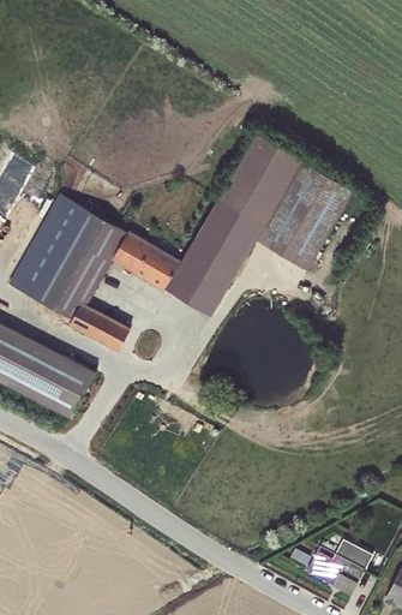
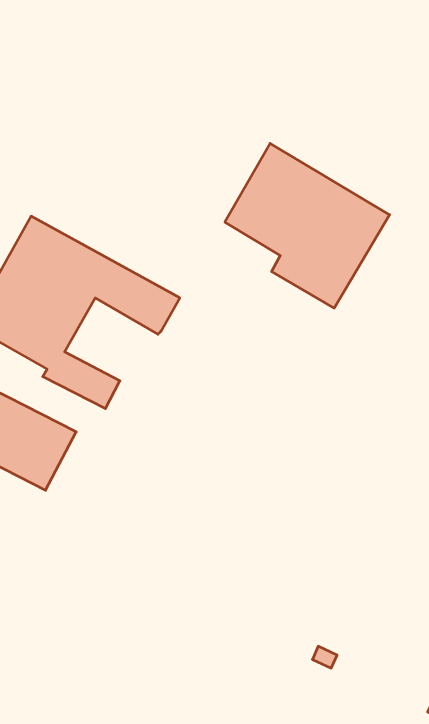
building: [164,198,263,316] -> none
building: [306,539,371,595] -> none

